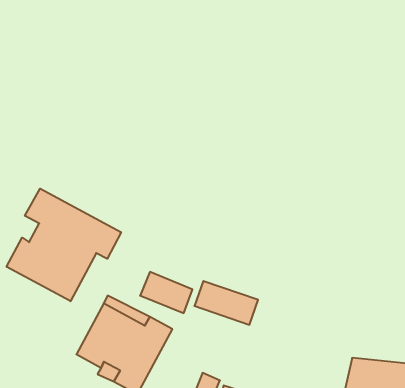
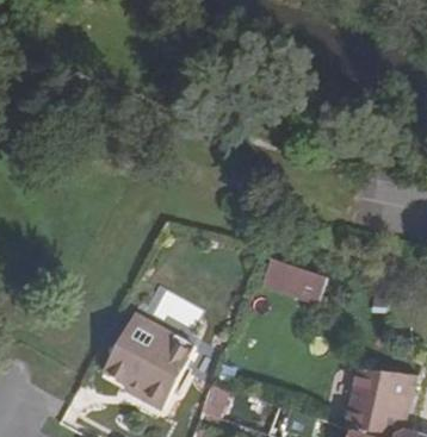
building: [7,189,121,301] -> none
building: [194,281,258,325] -> [265,262,326,304]

